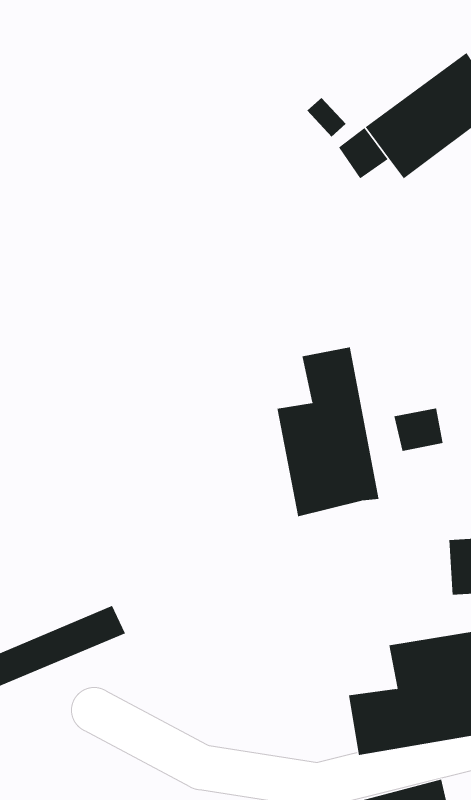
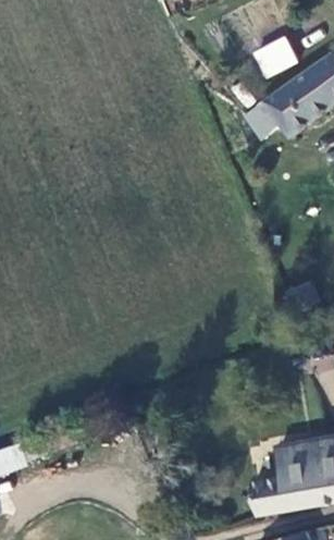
building: none -> [247,34,295,79]
building: [277,347,379,517] -> none

